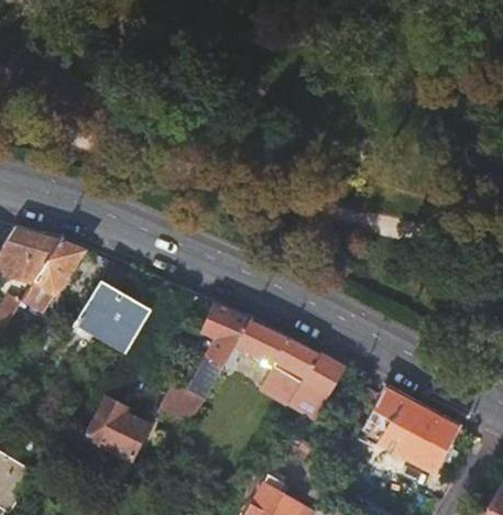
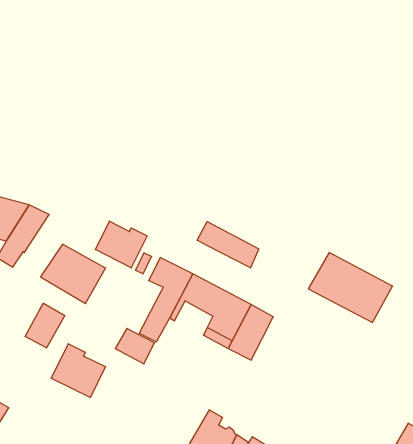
building: none -> [95,221,147,268]
building: none -> [197,222,259,268]
building: none -> [25,303,65,348]
building: [359,387,456,468] -> [308,253,393,323]

